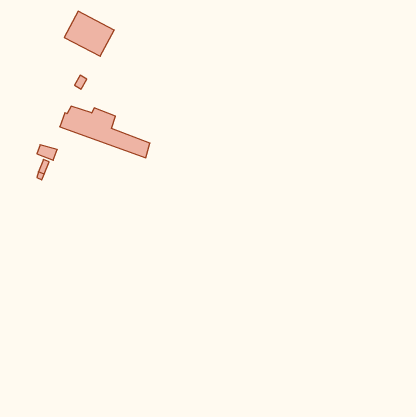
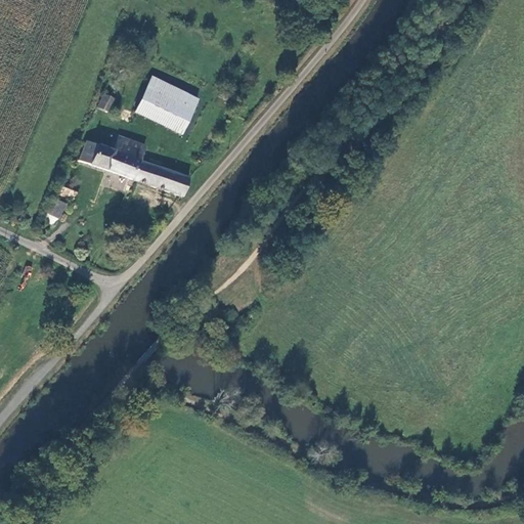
building: [64,11,114,56] -> [136,77,199,133]

